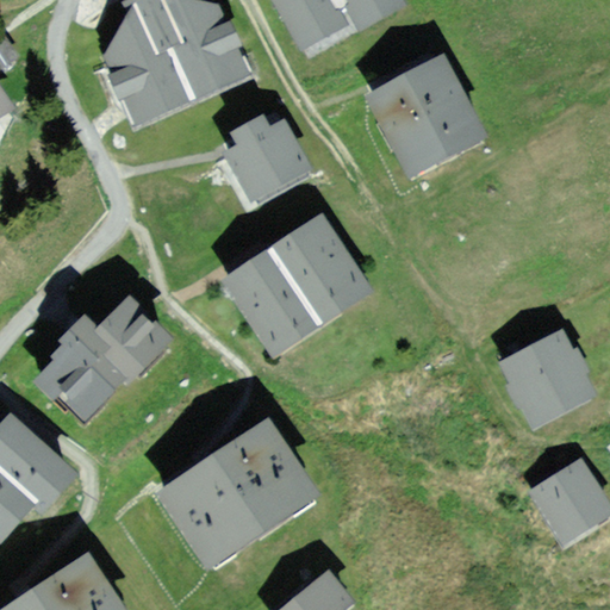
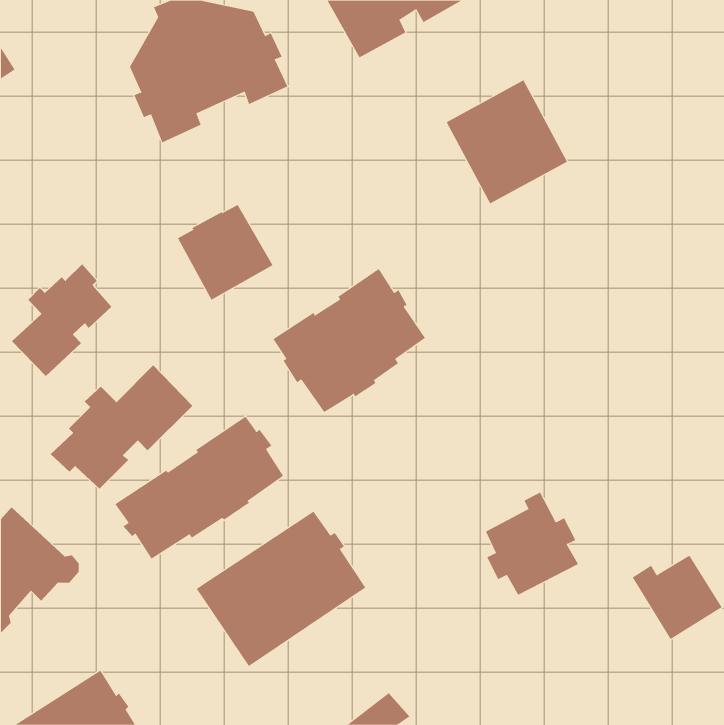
building: [224,116,305,197] -> [177,204,274,301]
building: none -> [11,263,112,377]
building: [510,332,589,419] -> [485,492,579,595]
building: none -> [115,416,284,559]

